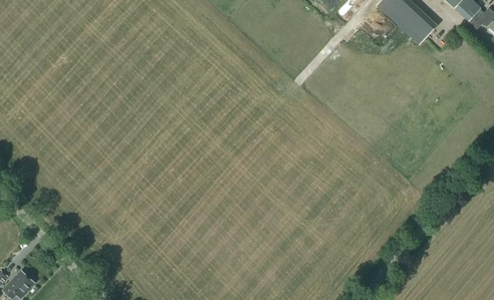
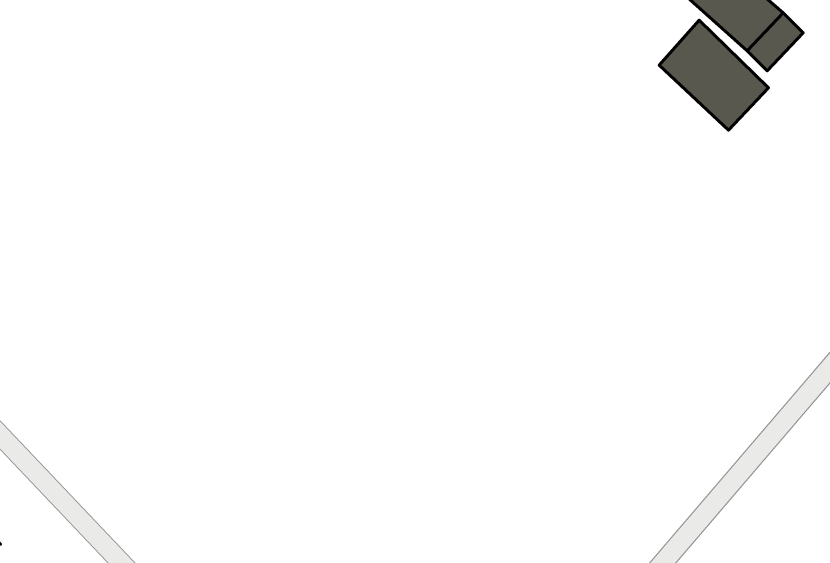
building: none -> [659,20,769,130]

